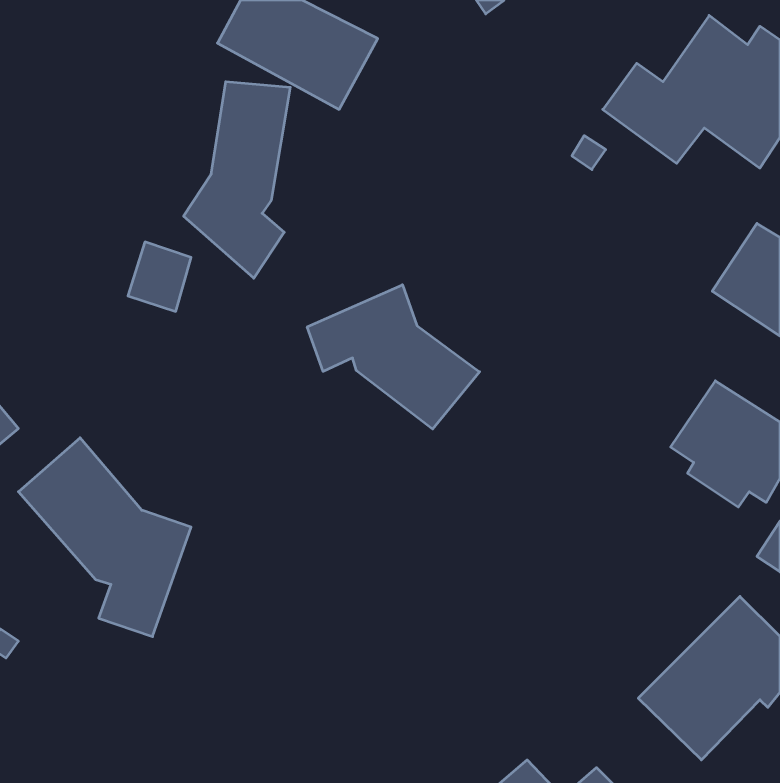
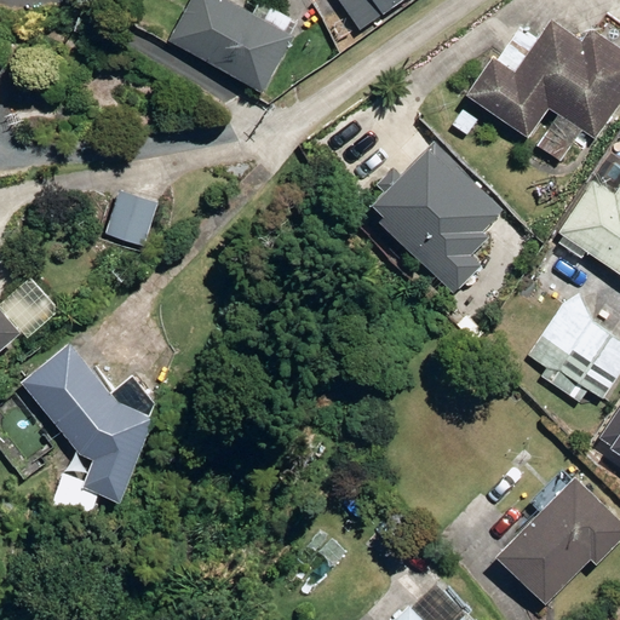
building: [184,82,290,278] -> none
building: none -> [377,143,501,293]
building: [307,285,480,429] -> none

